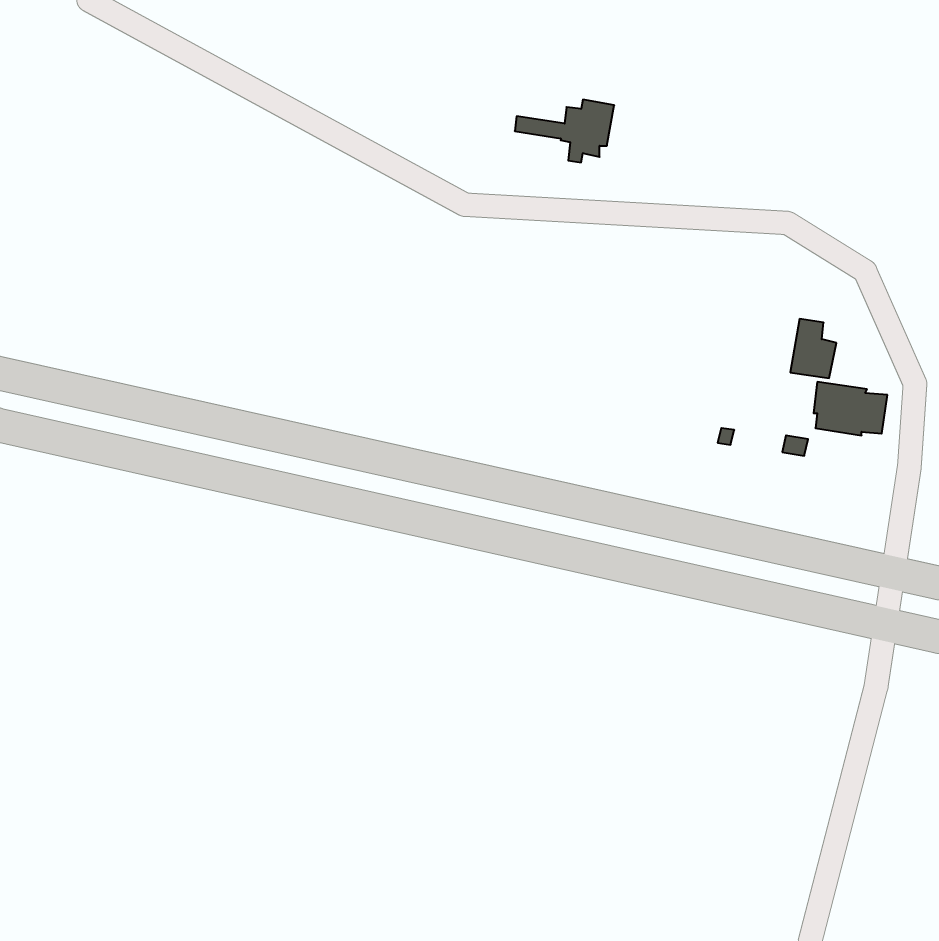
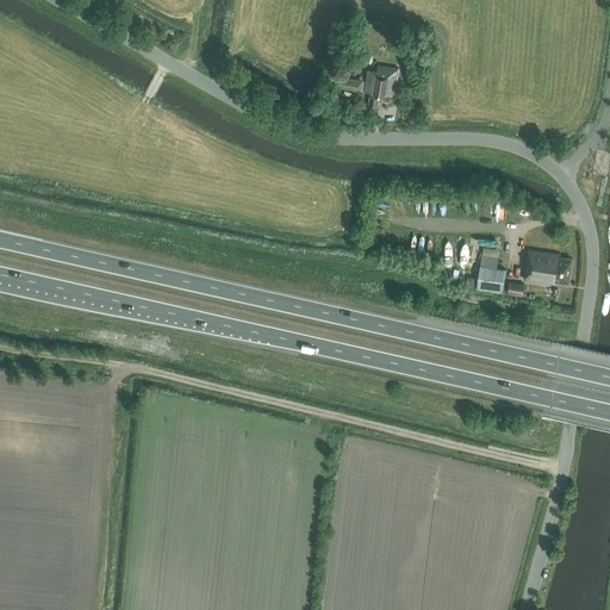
building: [790,319,836,378] -> [474,255,504,293]

